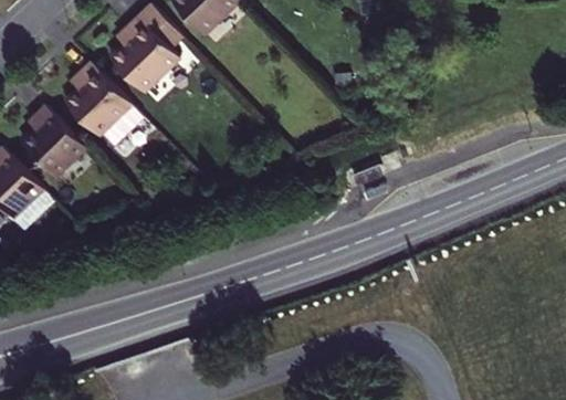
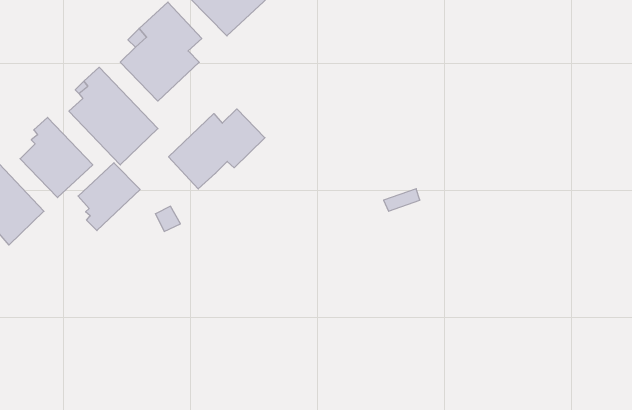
building: none -> [169,109,265,189]
building: none -> [78,163,140,231]

